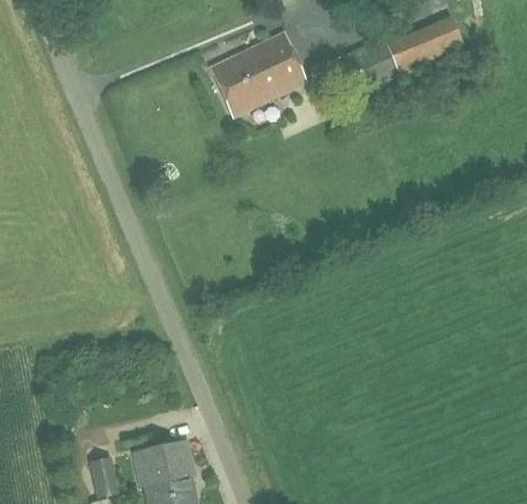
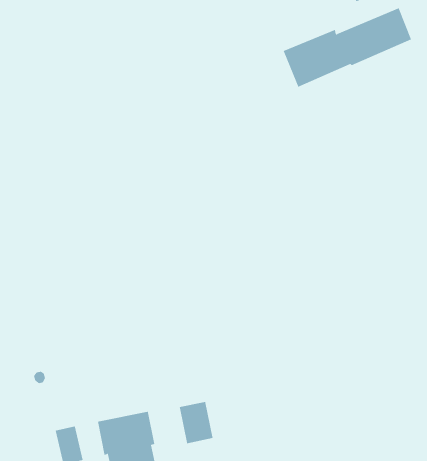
building: [209,30,307,116] -> none
building: none -> [179,401,213,444]

